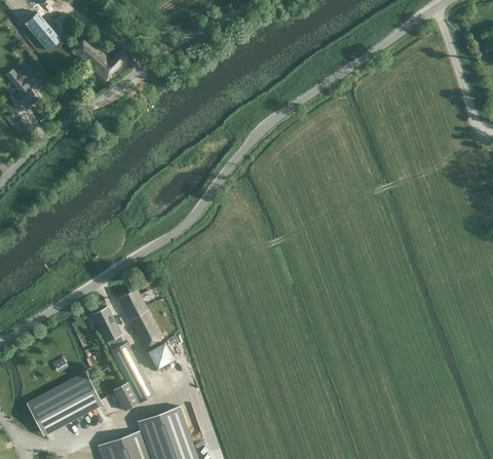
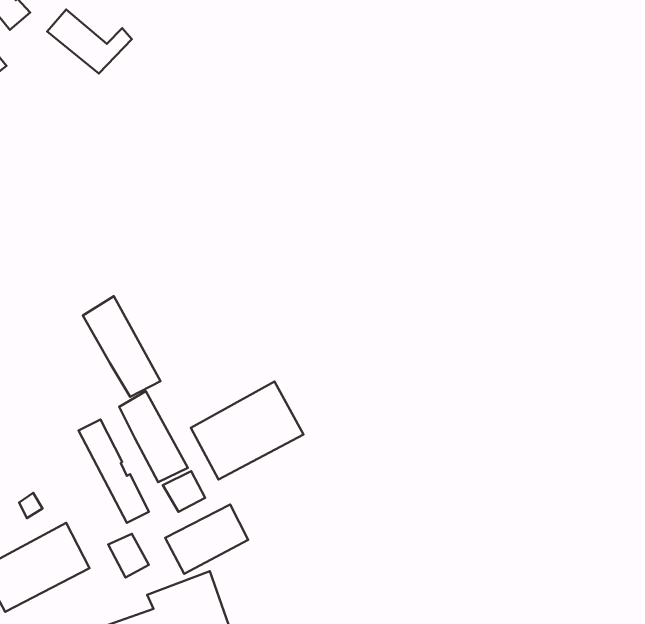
building: none -> [83,296,161,397]
building: none -> [191,382,304,480]
building: none -> [165,505,248,574]

